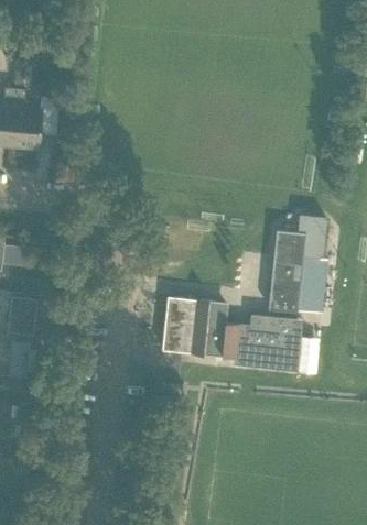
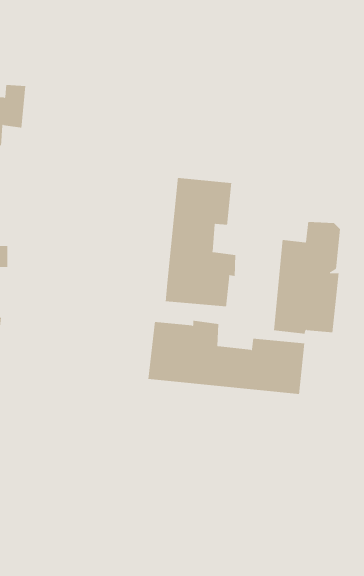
building: none -> [165,177,236,307]

